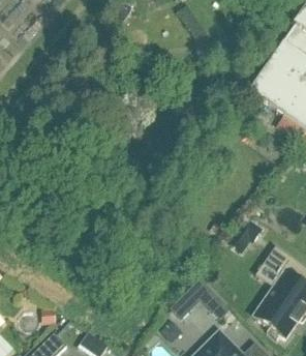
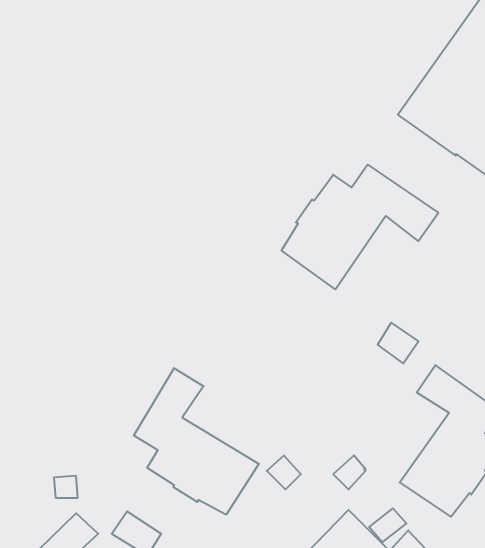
building: none -> [282,165,438,289]
building: none -> [134,368,259,515]

